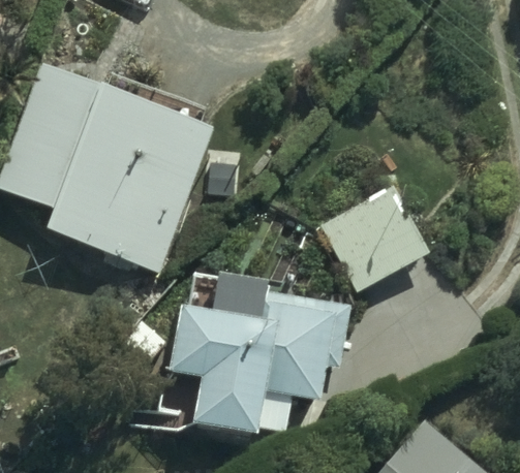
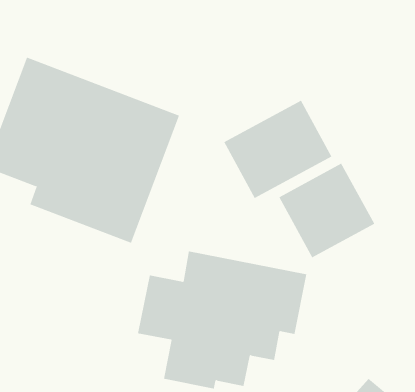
building: none -> [224,100,332,199]

